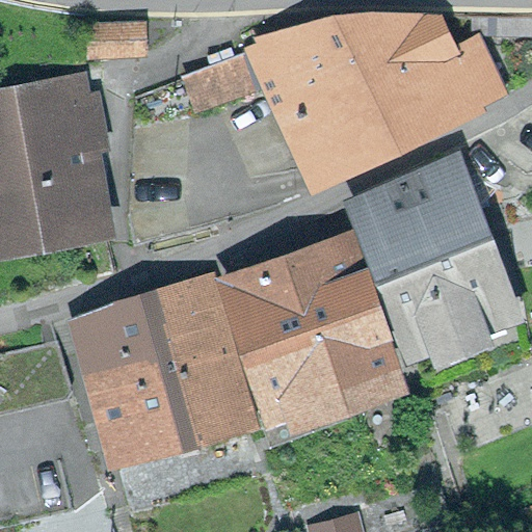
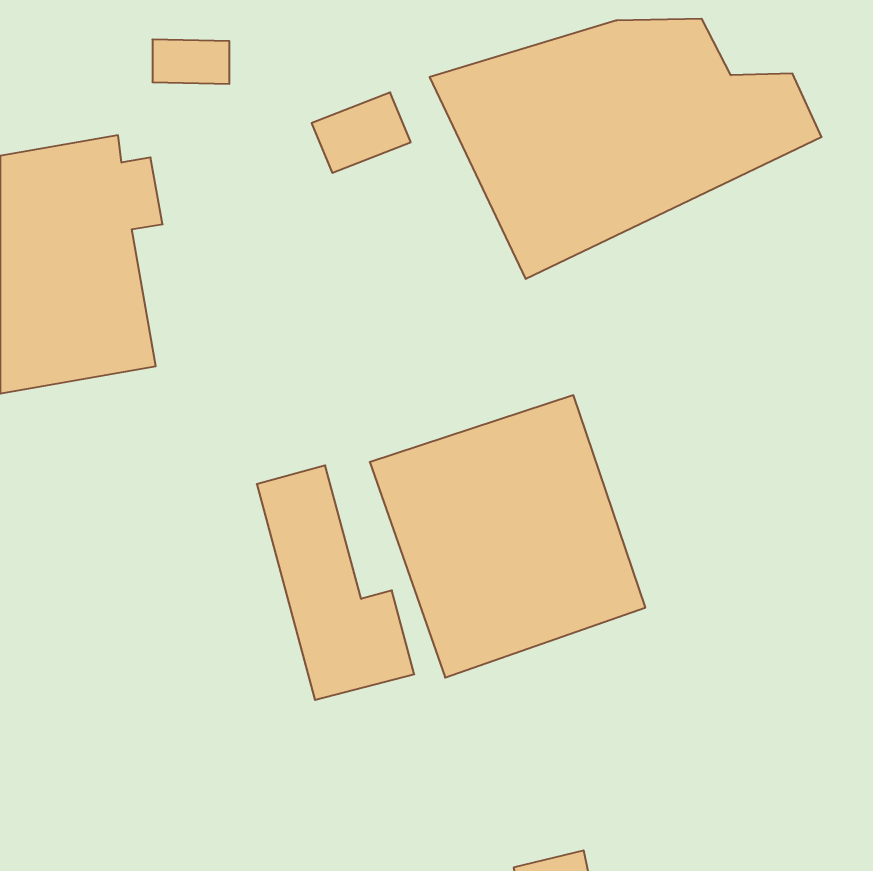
building: [355,165,506,352] -> none
building: [78,296,192,449] -> none

